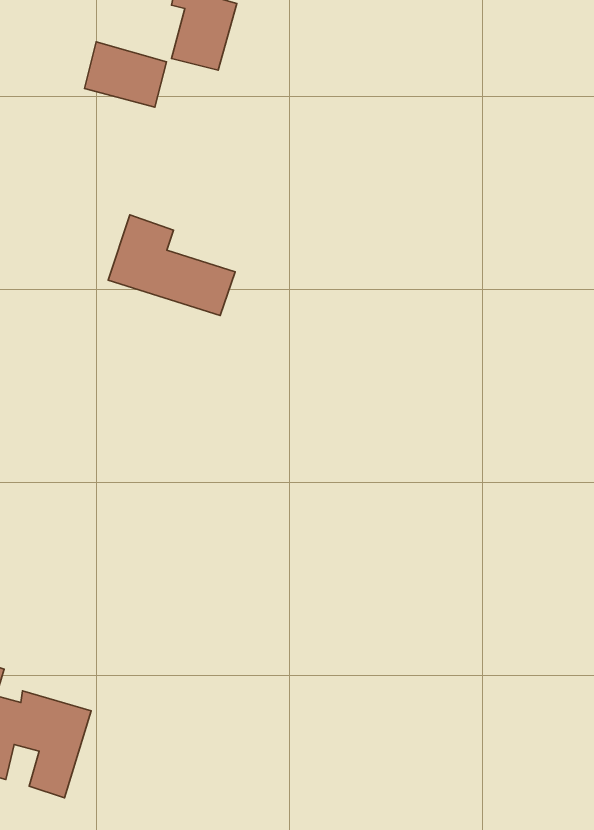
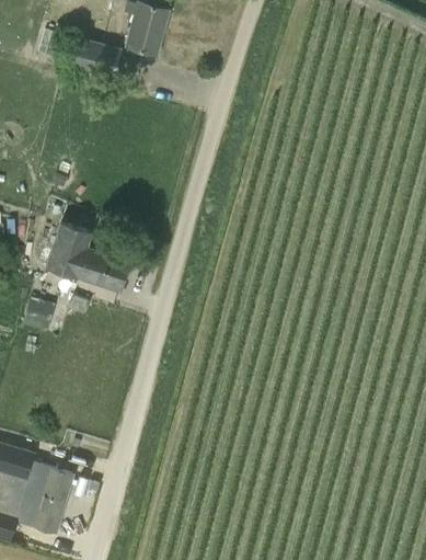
building: [108,215,235,315] -> [46,225,129,290]
building: none -> [24,297,54,329]

